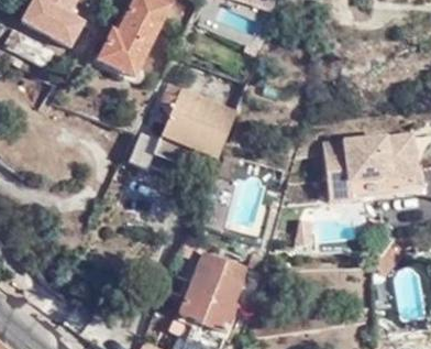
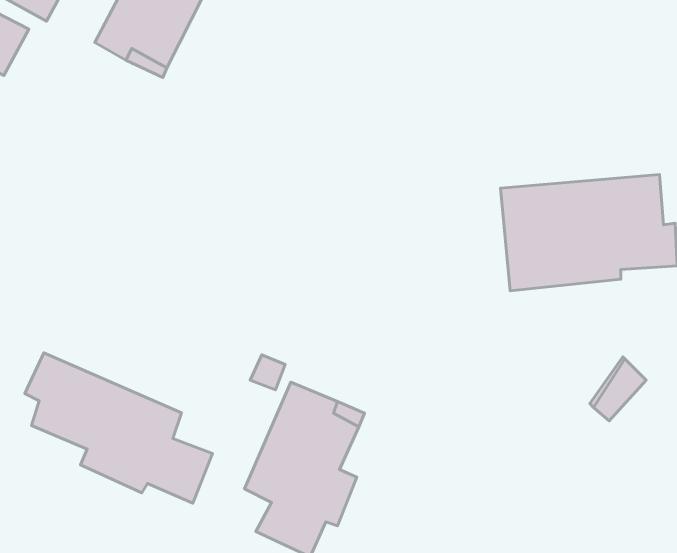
building: [152,85,237,176] -> none
building: none -> [25,353,213,503]

